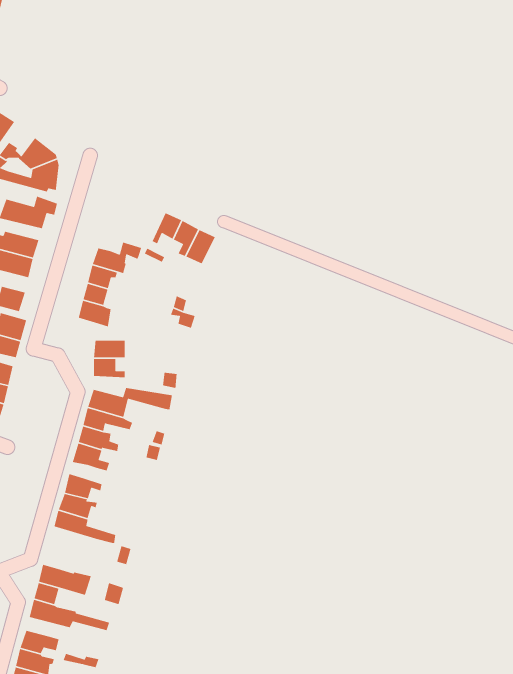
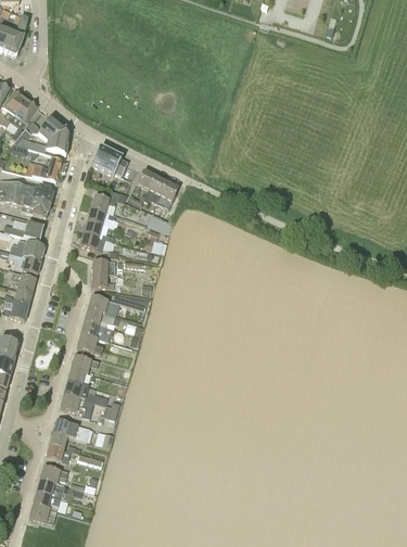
building: none -> [90,145,127,176]
building: none -> [60,392,92,418]

